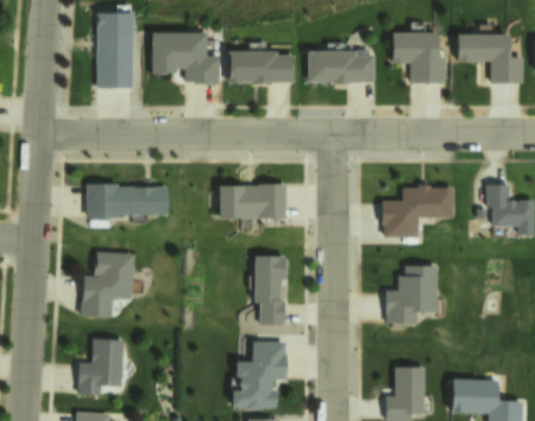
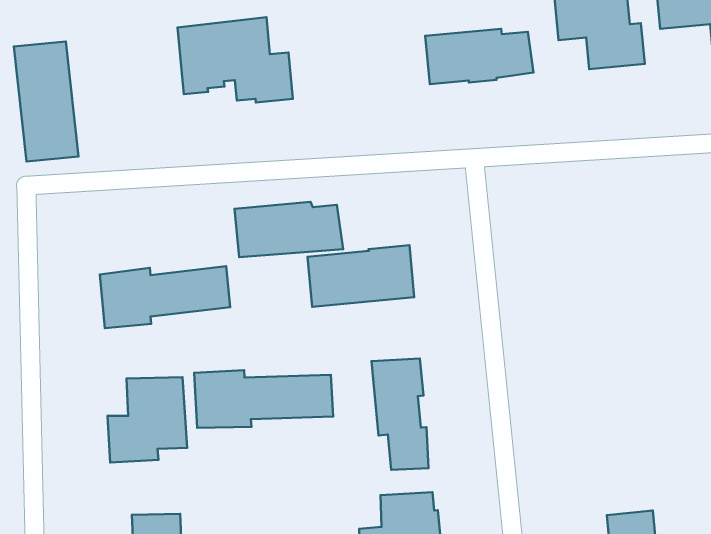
building: [100,17,134,90] -> [14,42,78,161]
building: [227,51,294,83] -> [235,202,343,257]
building: [380,184,451,235] -> none
building: none -> [194,370,333,428]
building: [384,265,438,326] -> none

